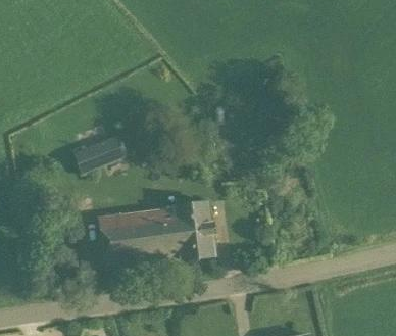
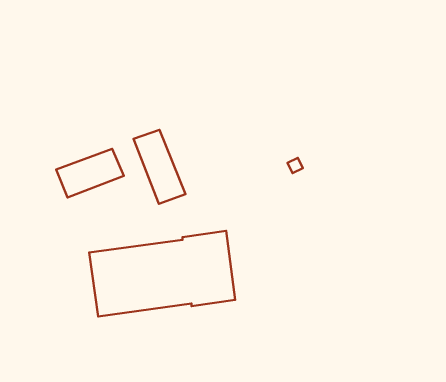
building: none -> [134,130,185,204]

